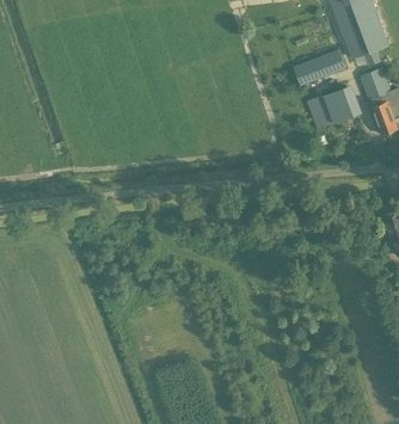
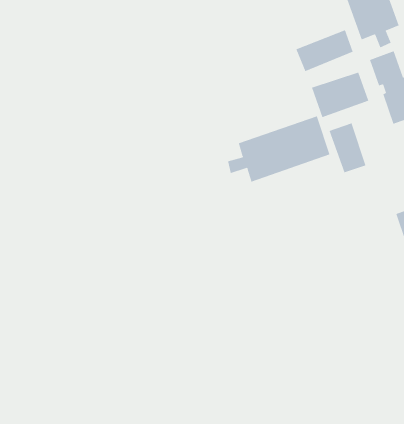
building: none -> [227,115,330,182]
building: none -> [329,123,366,173]

